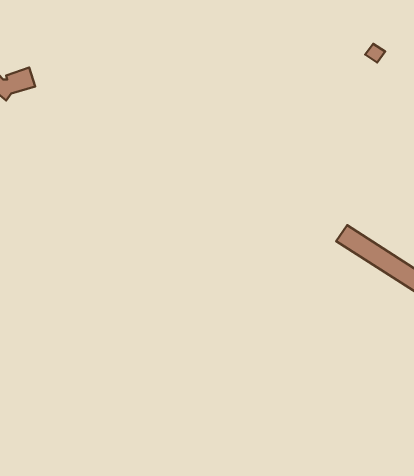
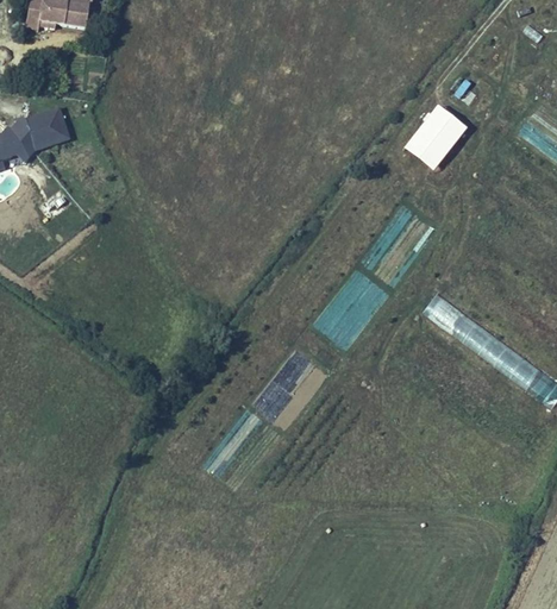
building: none -> [405,107,470,174]

